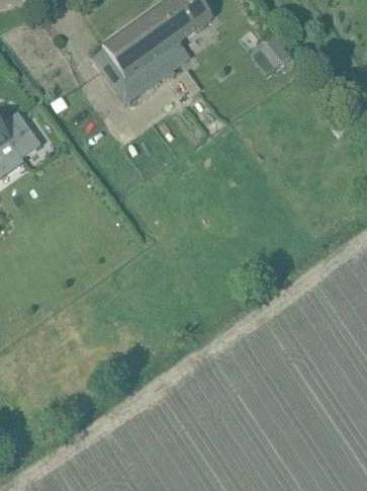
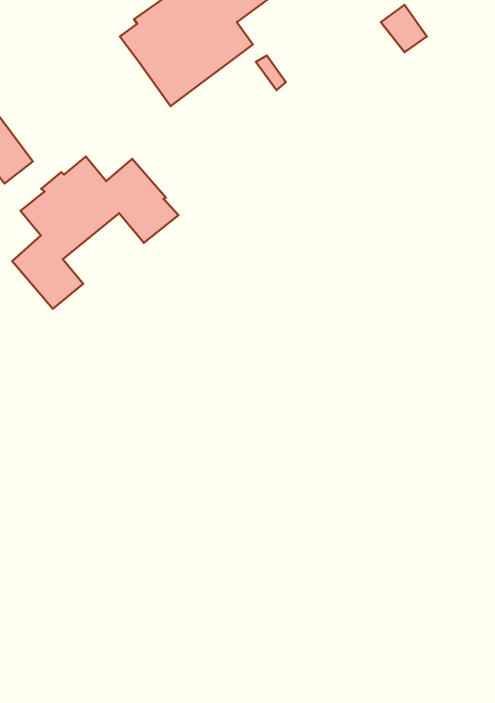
building: none -> [12,156,178,309]

